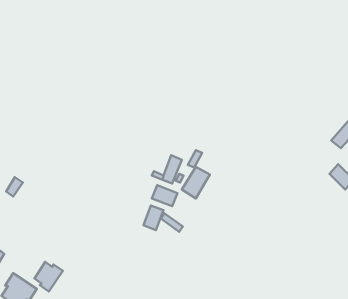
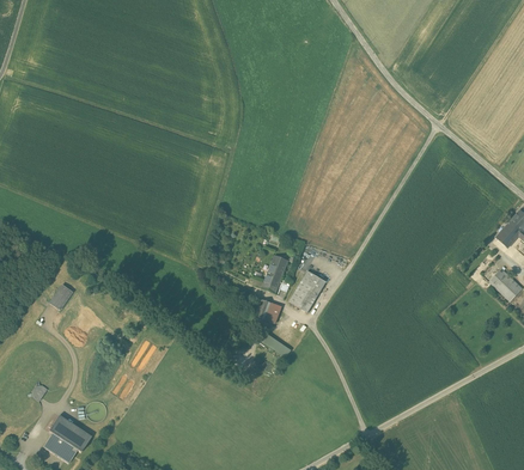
building: [144,205,164,230] -> none
building: [35,262,63,291] -> none

